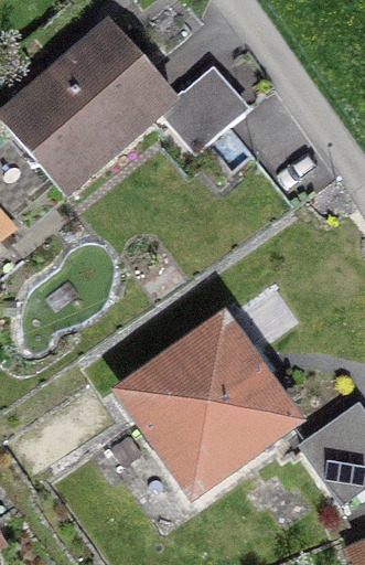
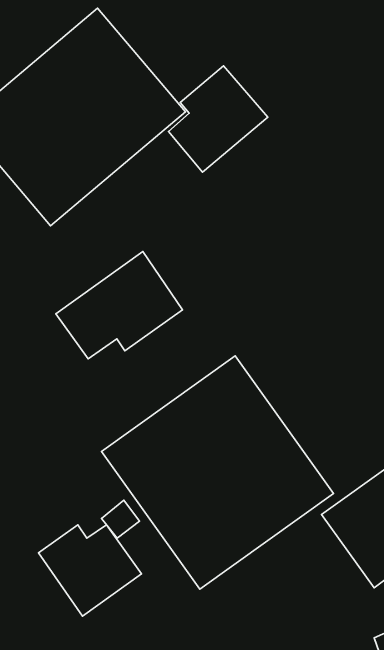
building: none -> [56,252,183,359]
building: none -> [38,525,142,616]

